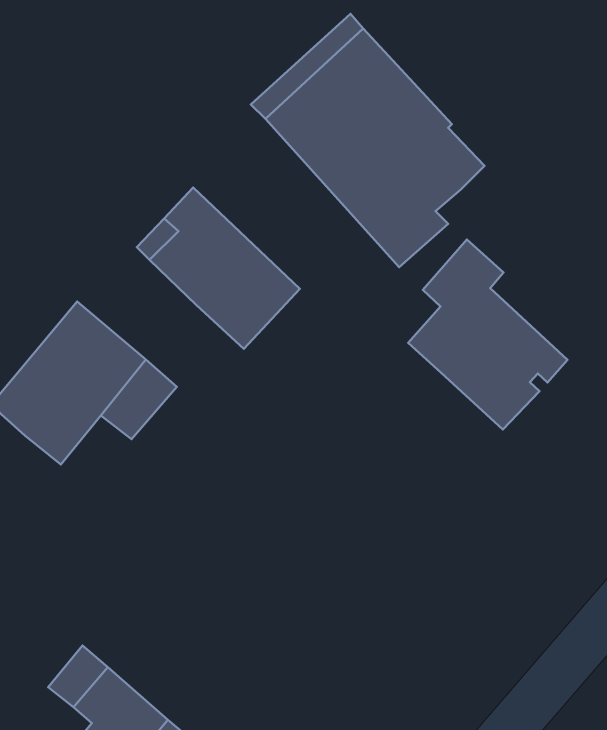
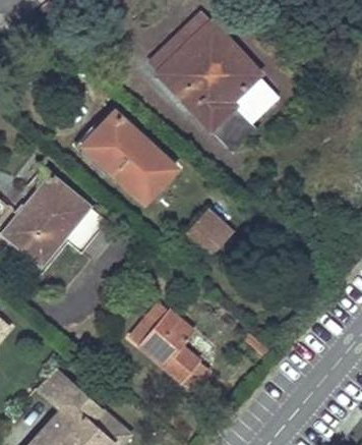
building: [408,240,568,430] -> none
building: none -> [186,206,233,253]
building: none -> [139,310,198,386]

